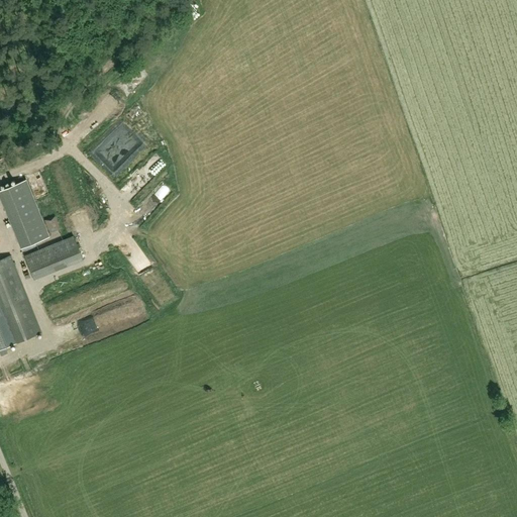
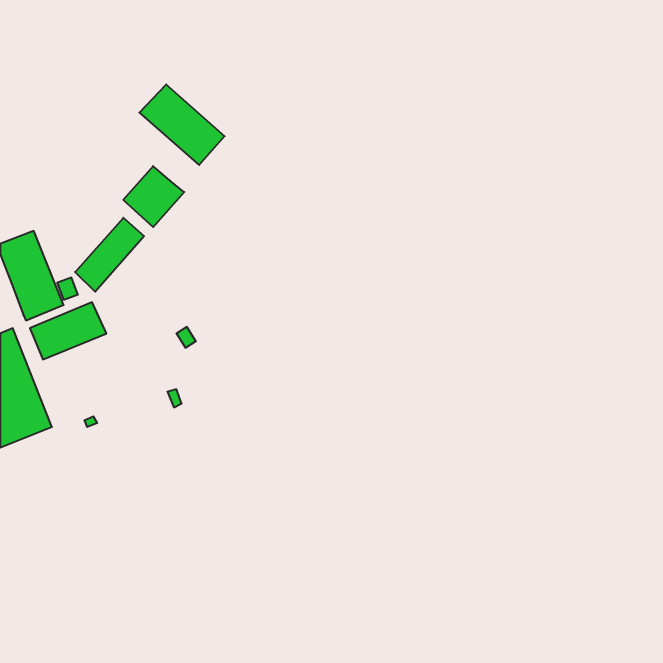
building: none -> [139,84,225,165]
building: none -> [75,218,144,292]

